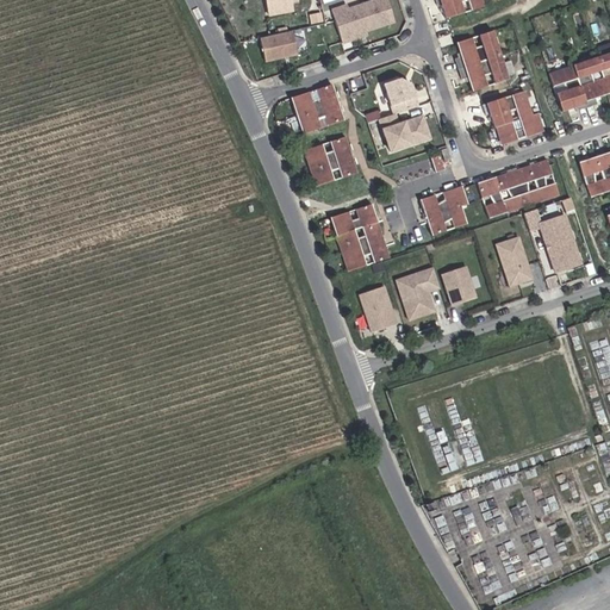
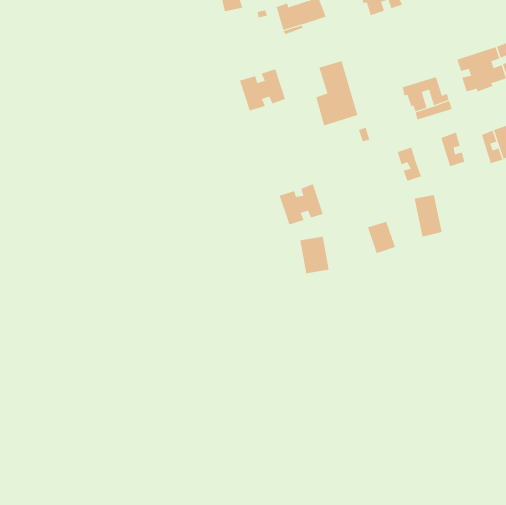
building: [261,29,298,60] -> none
building: [455,30,509,91] -> none
building: [304,136,356,186] -> none
building: [496,166,541,212] -> none
building: [419,185,468,235] -> none
building: [330,203,378,235] -> none
building: [524,208,580,270] -> none
building: [396,267,440,319] -> none

